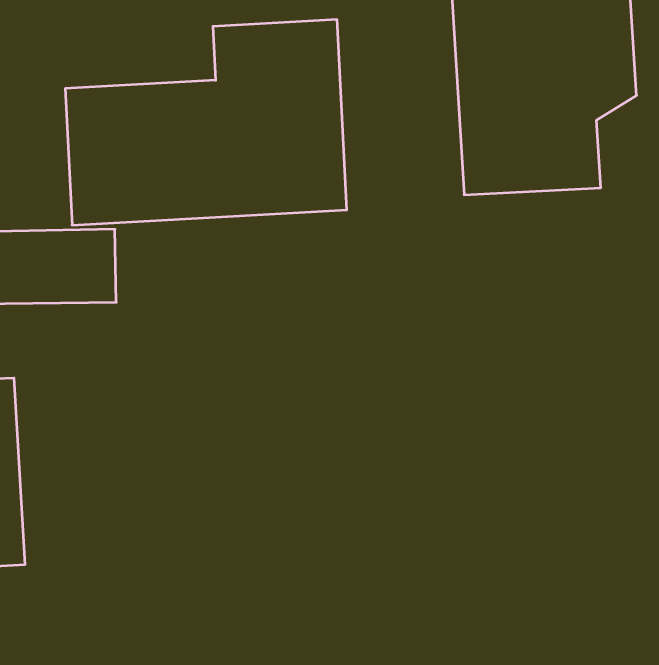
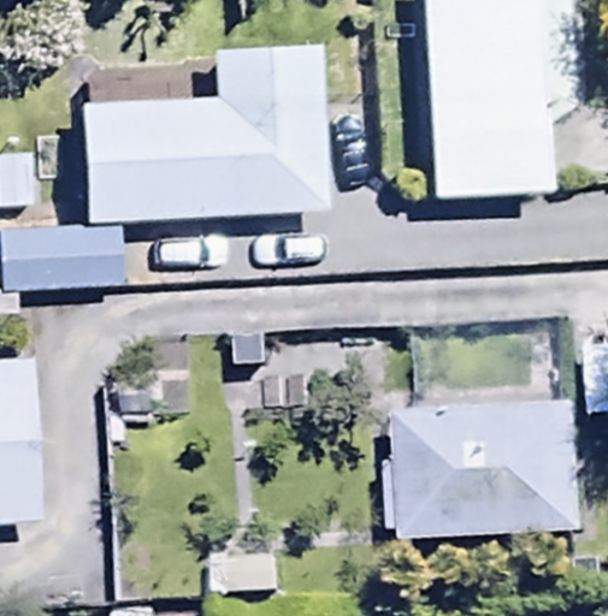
building: none -> [388,398,588,539]

